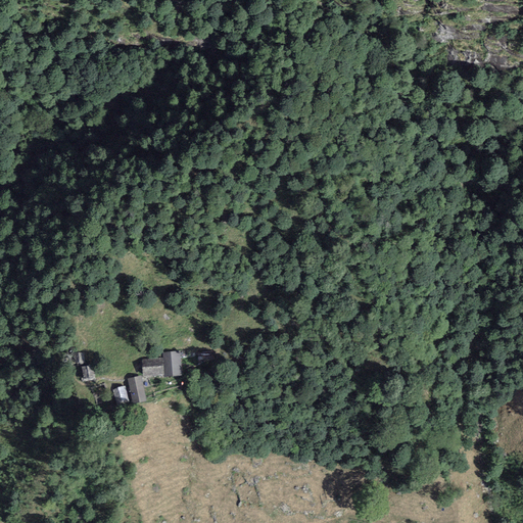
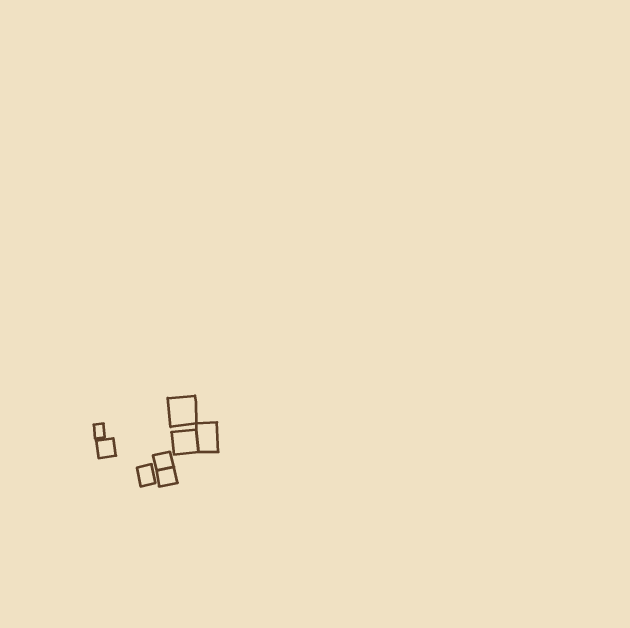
building: none -> [168,396,196,427]

